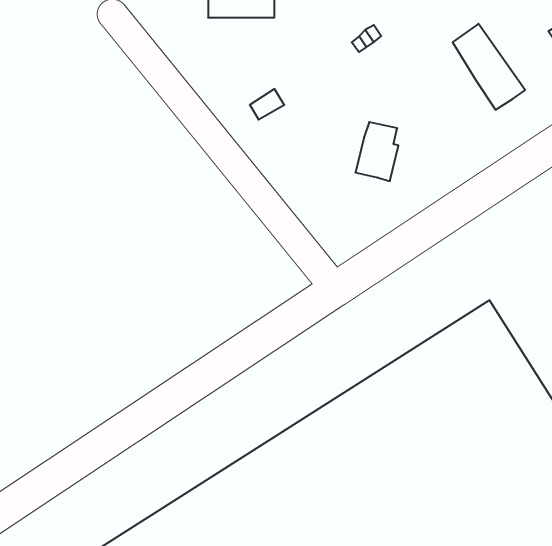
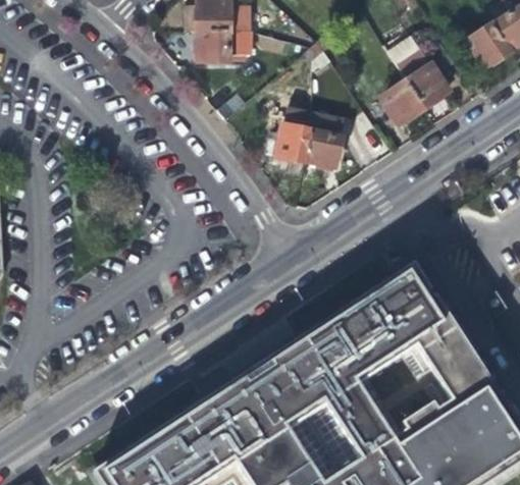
building: none -> [199,33,251,62]
building: none -> [382,85,423,125]
building: none -> [278,113,314,176]

